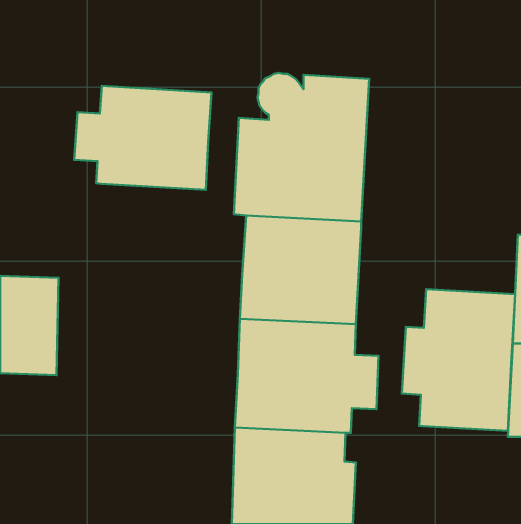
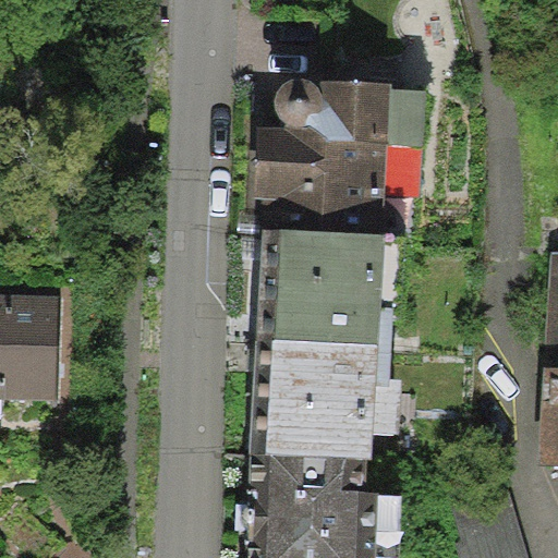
building: [74,86,211,190] -> none
building: [402,289,515,431] -> none

